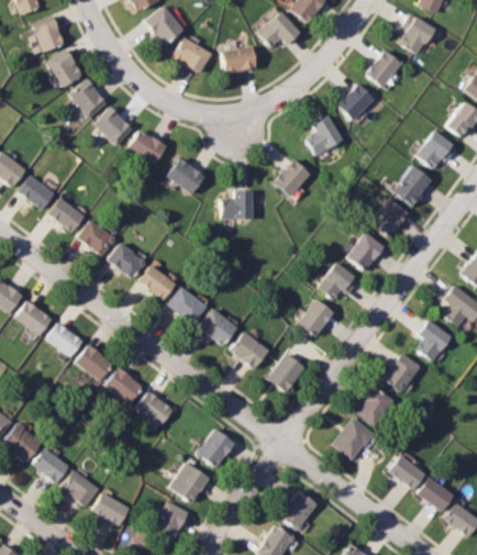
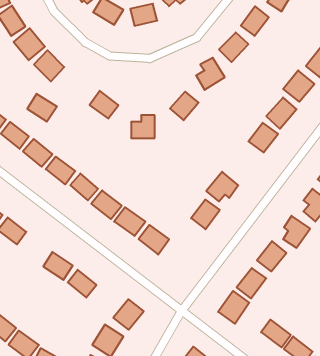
building: [126,127,165,164] -> [27,94,57,122]
building: [347,232,386,271] -> none
building: [75,344,113,381] -> none
building: [267,353,304,392] -> none

